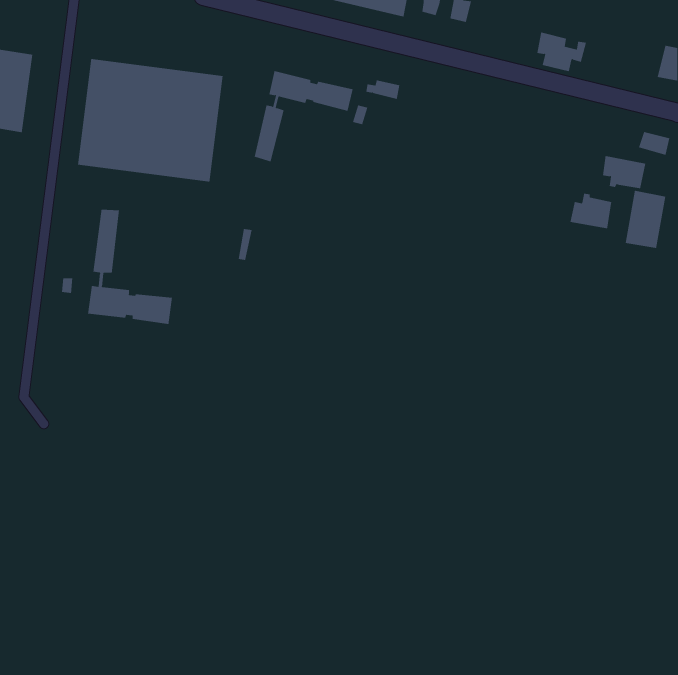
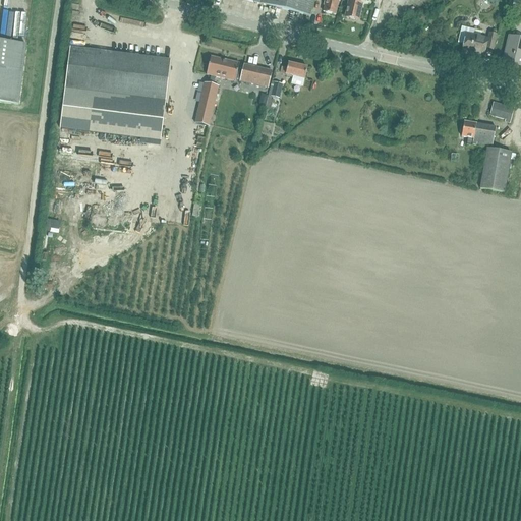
building: [536,32,587,72] -> [457,23,496,54]
building: [570,193,612,229] -> none
building: [87,209,172,325] -> none

